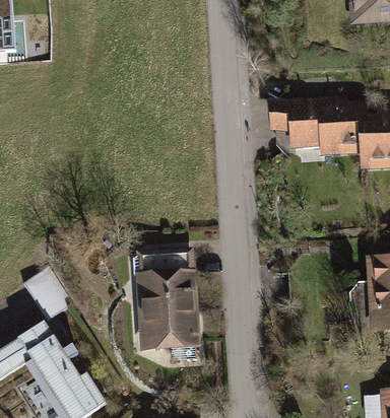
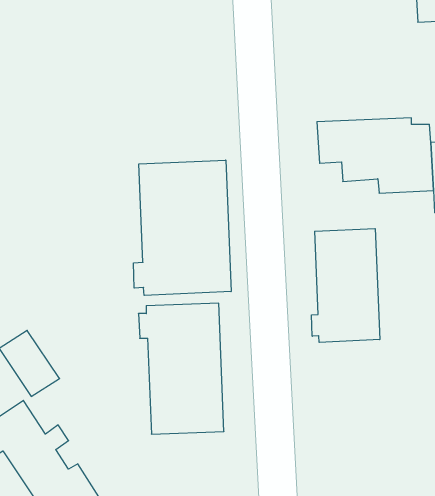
building: none -> [134,160,231,295]
building: none -> [312,229,380,342]

